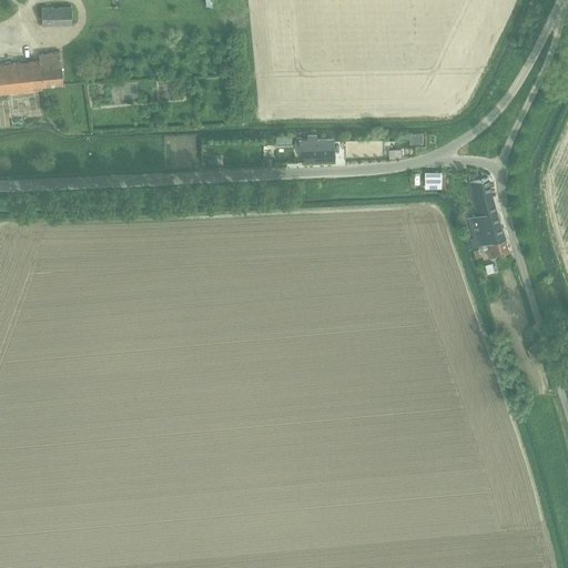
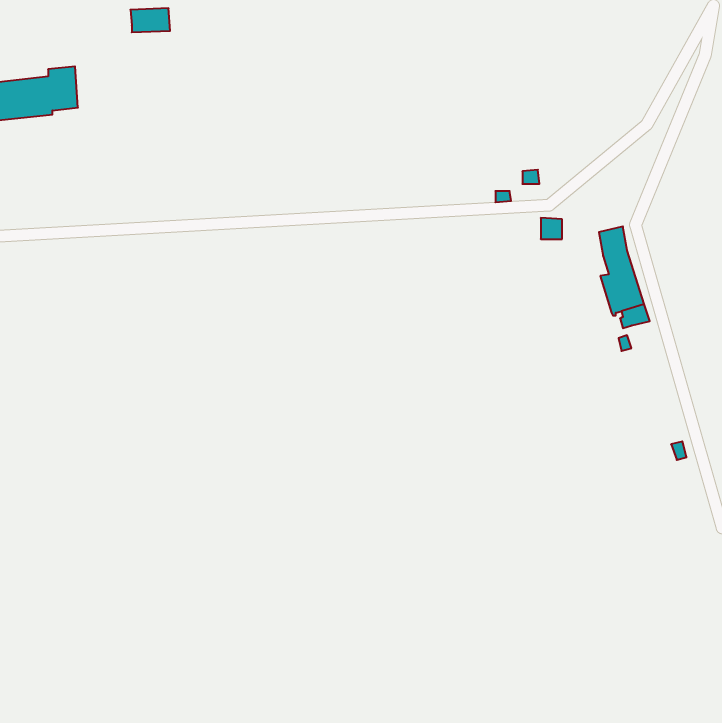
building: [40,7,71,26] -> [130,8,170,32]
building: [297,135,333,162] -> none

